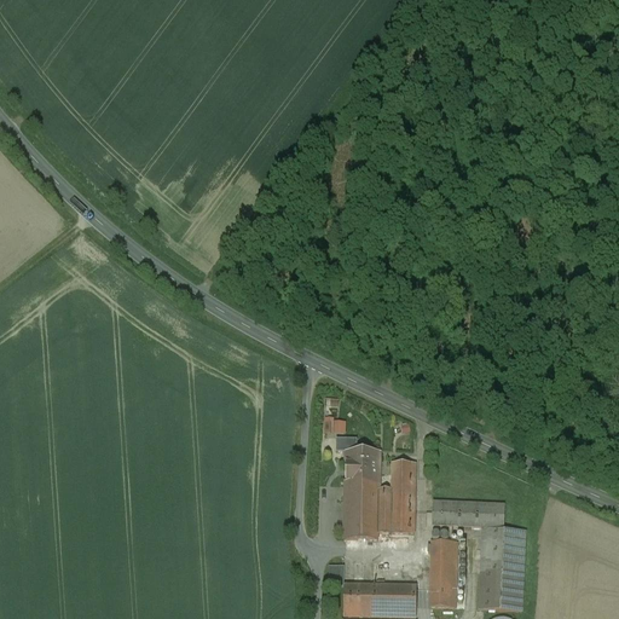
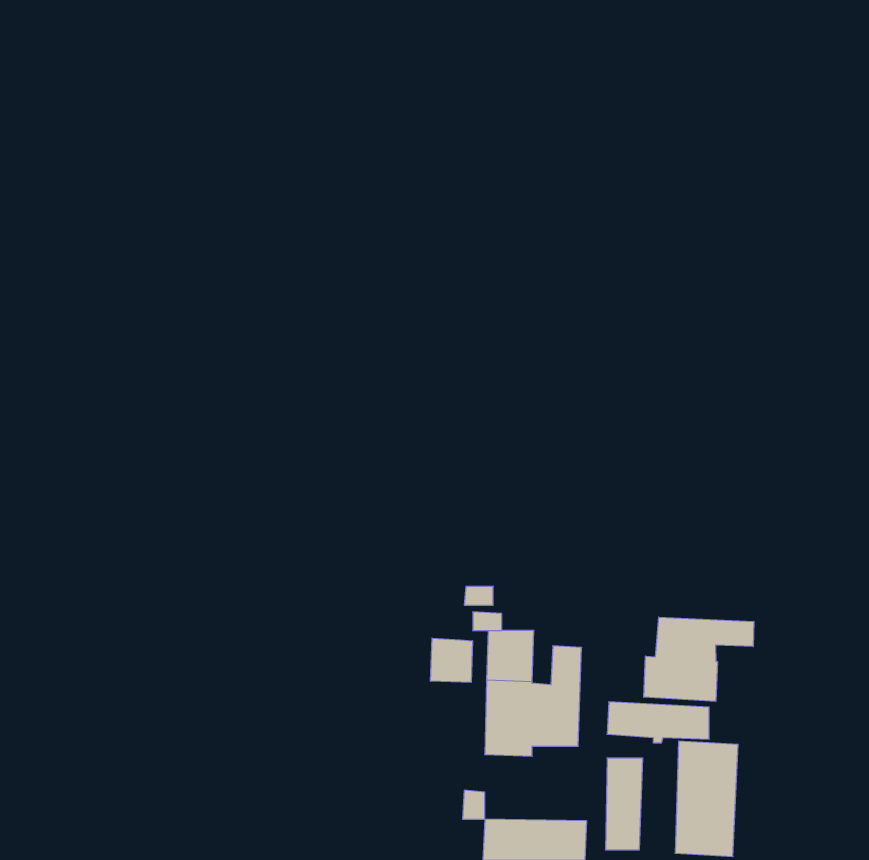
building: none -> [644,617,754,701]
building: none -> [431,638,472,682]

